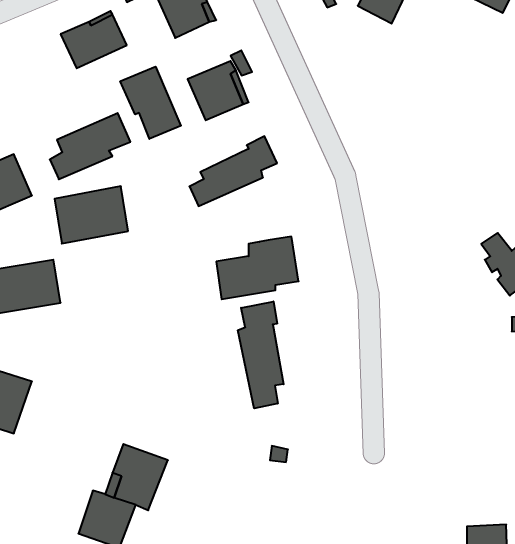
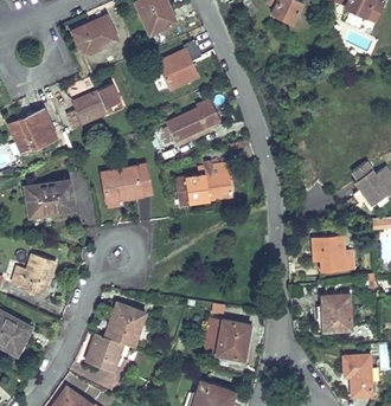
building: [120,67,181,139] -> none
building: [55,186,128,244] -> [101,163,149,201]
building: [238,301,284,408] -> none
building: none -> [313,236,353,271]
building: none -> [316,292,350,330]
building: none -> [203,318,250,361]

